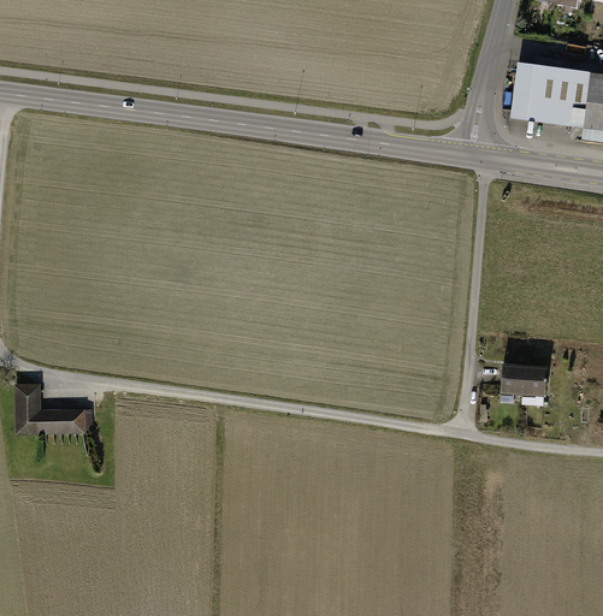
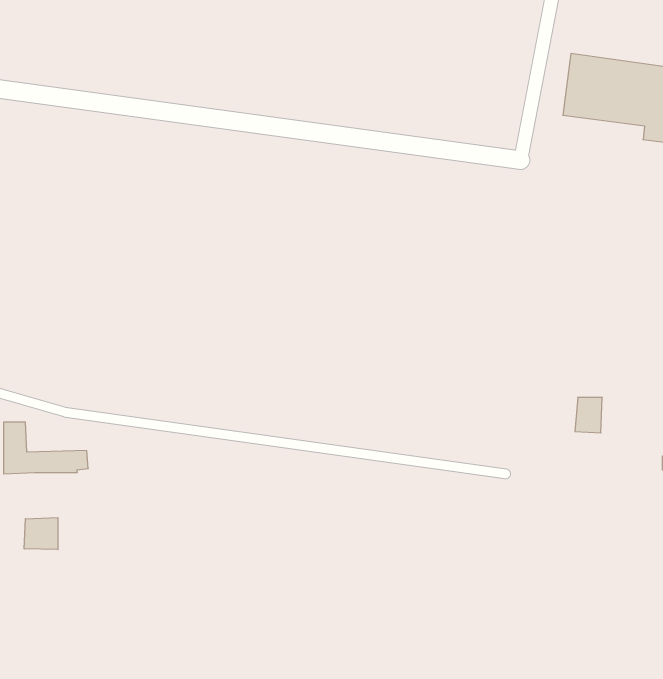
building: [501,363,525,395] -> none
building: none -> [24,518,58,550]

